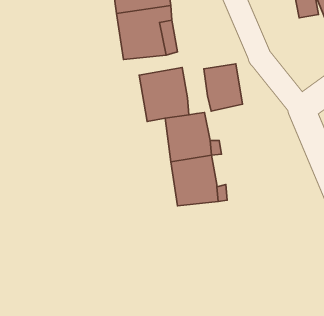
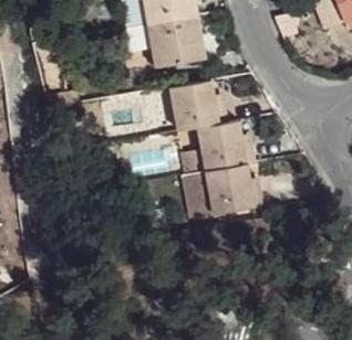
building: [204,64,243,111] -> none

